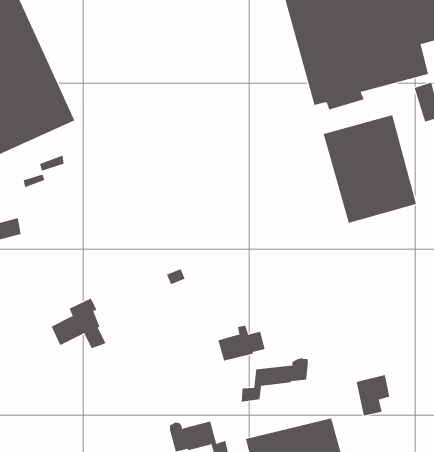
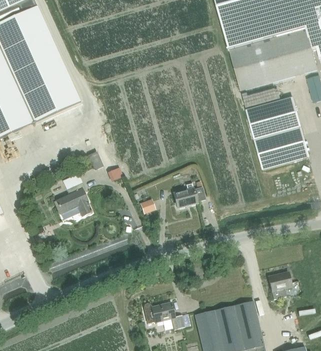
building: [51,298,106,349] -> [55,181,92,215]
building: [218,325,265,361] -> [173,182,205,206]
building: [241,358,308,403] -> none

